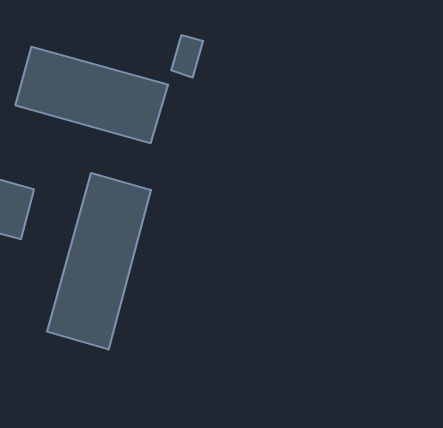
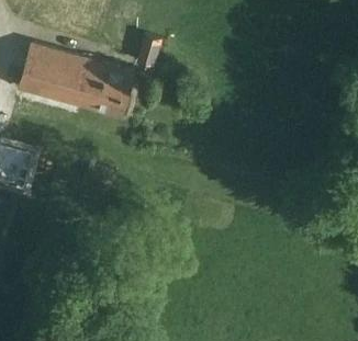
building: [47,173,151,350] -> none

